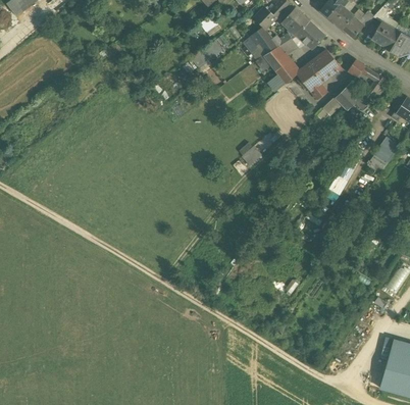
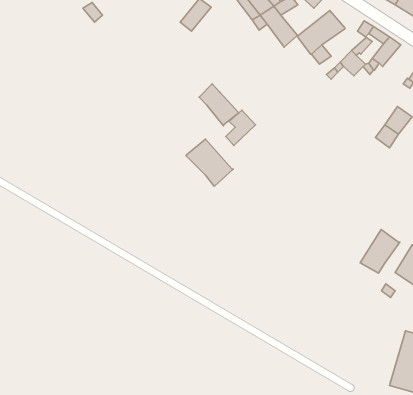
building: none -> [199,84,239,126]
building: none -> [186,139,233,186]
building: none -> [360,229,400,273]

